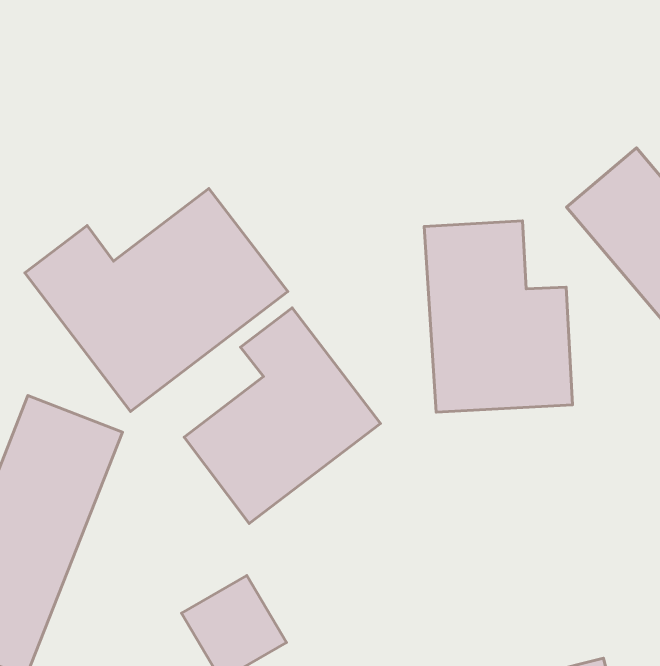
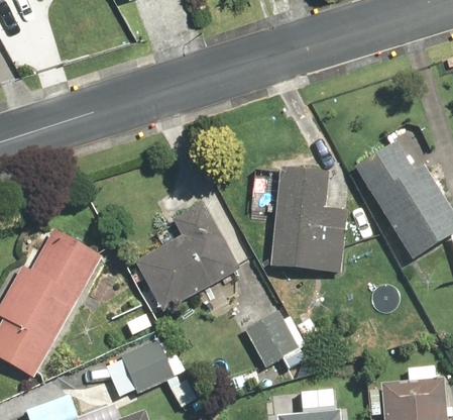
building: [25,189,288,411] -> none
building: none -> [245,311,299,367]

